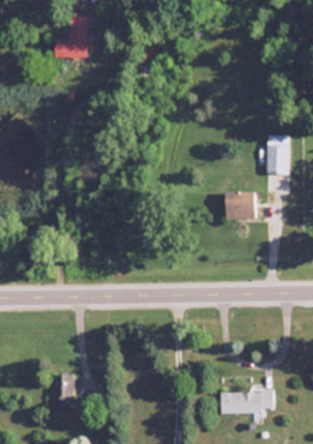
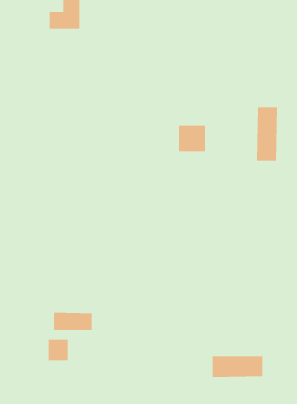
building: [226,192,255,219] -> [178,125,206,152]
building: none -> [53,312,92,331]

